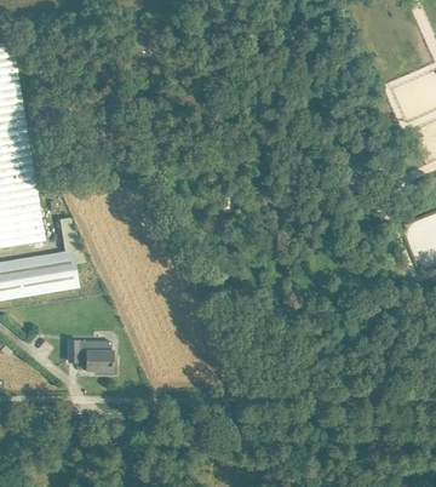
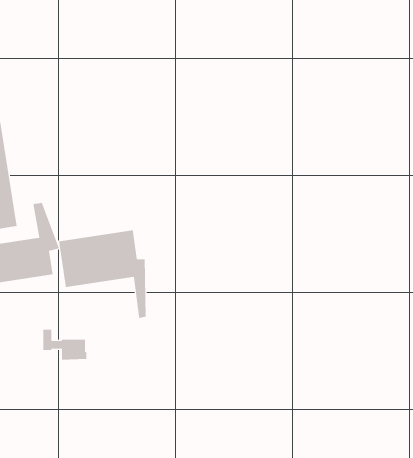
building: none -> [59,230,146,319]

